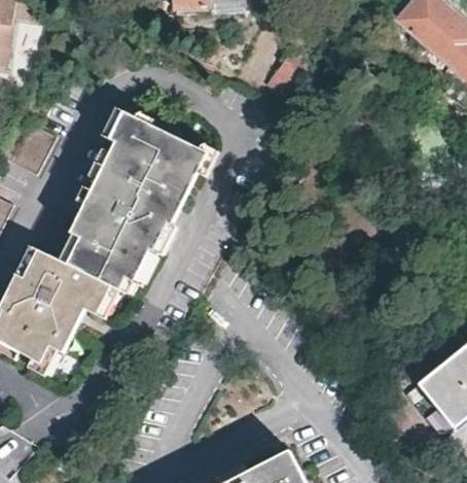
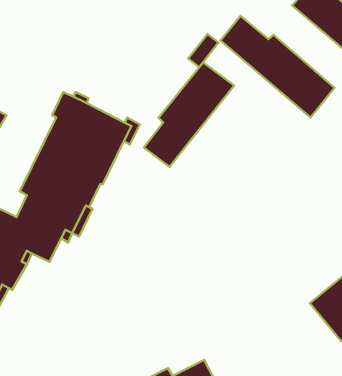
building: none -> [220,16,335,118]
building: none -> [144,62,234,167]

